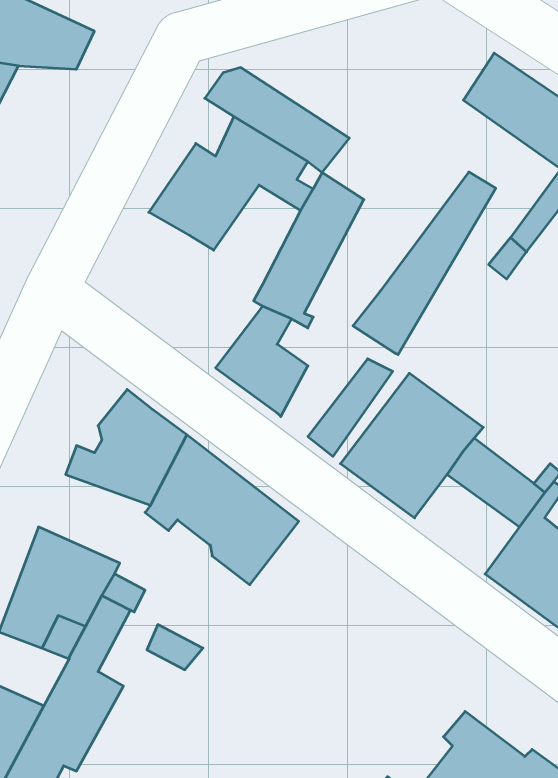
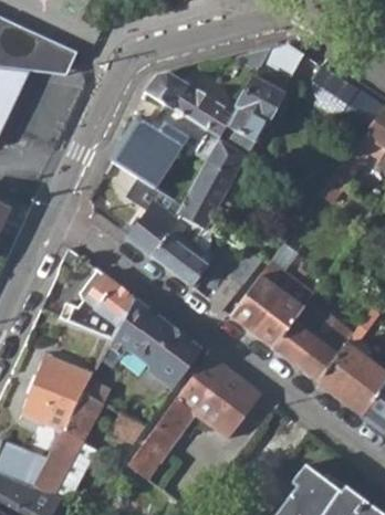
building: [353,172,496,355] -> [218,43,305,155]
building: none -> [125,176,181,256]
building: none -> [274,322,339,382]
building: none -> [127,356,263,480]

